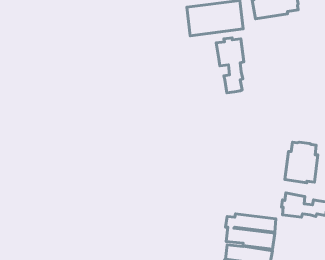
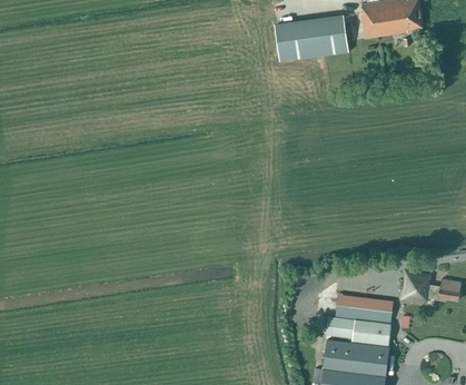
building: [216,38,244,93] -> none
building: [285,142,318,183] -> none

